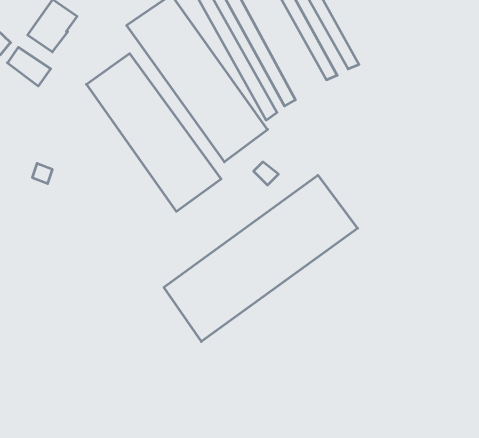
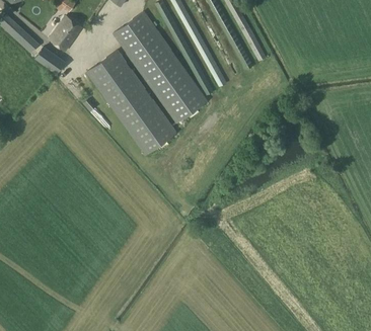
building: [164,175,358,342] -> none

